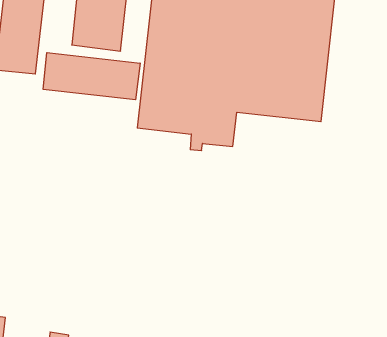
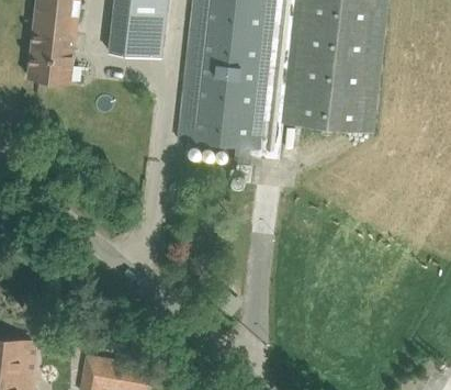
building: [43,53,140,100] -> none

